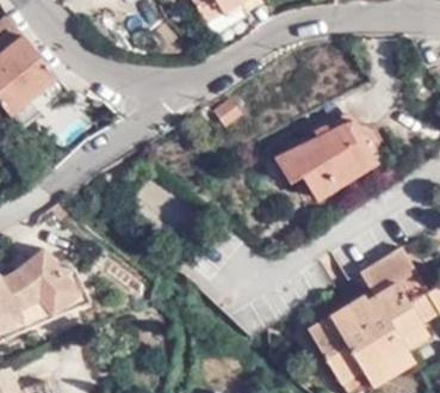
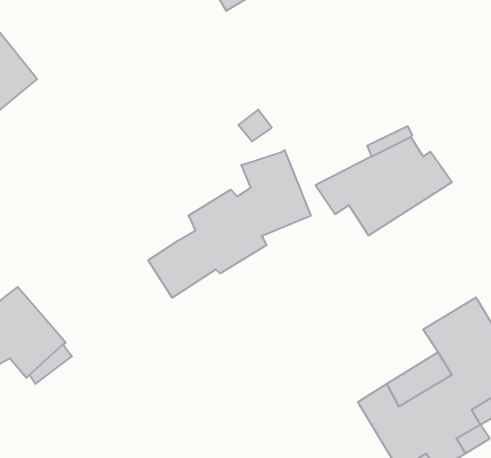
building: none -> [148,150,311,298]

